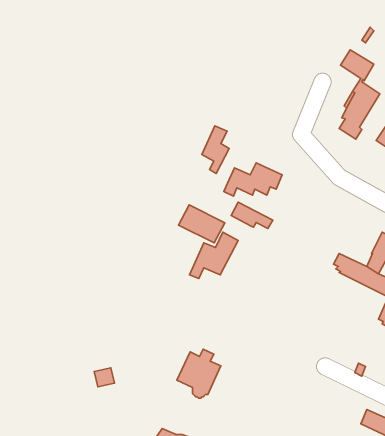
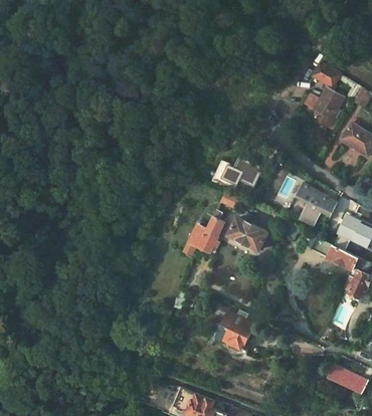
building: [202,126,229,174] -> none
building: none -> [298,184,337,225]
building: [178,205,225,243] -> [228,217,267,249]
building: [177,349,221,398] -> [217,309,254,351]

